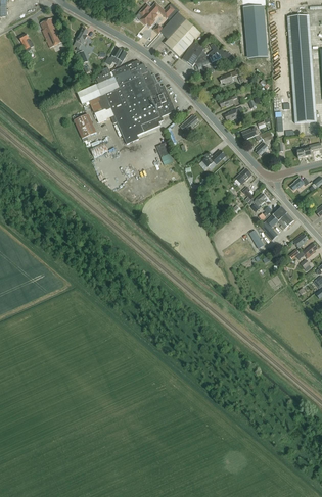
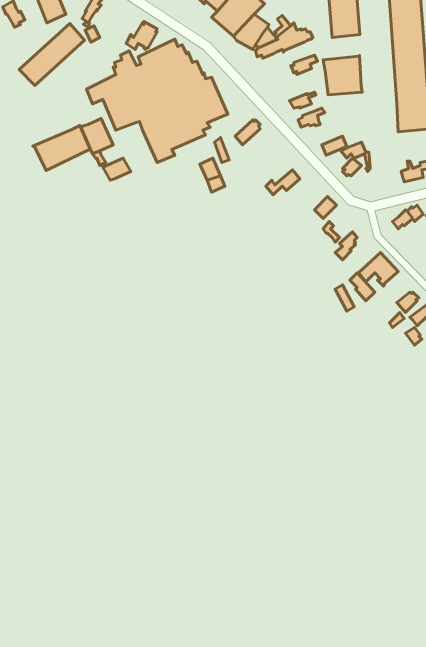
building: none -> [19,23,84,85]
building: none -> [323,55,362,95]
building: none -> [33,125,90,171]

